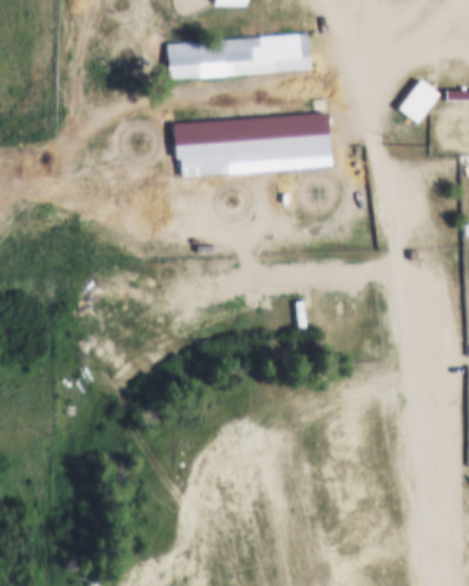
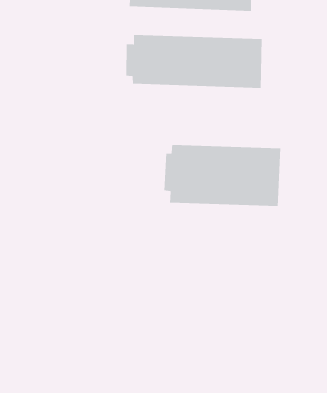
building: none -> [164,144,281,207]

